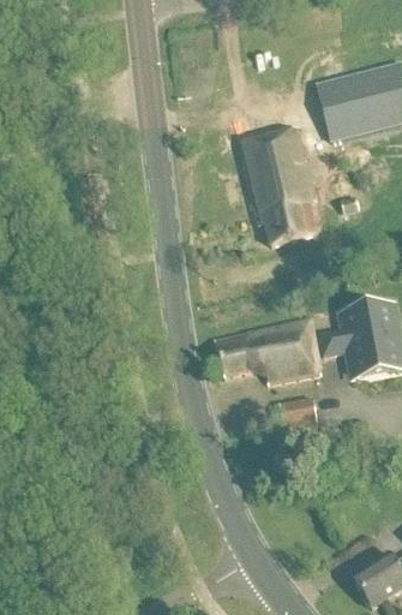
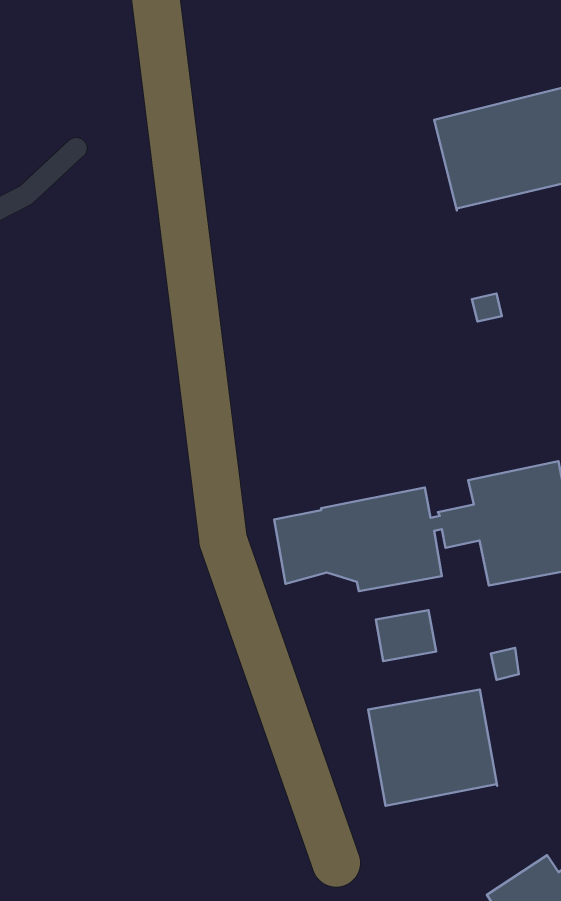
building: [240,126,319,244] -> none
building: none -> [368,689,497,806]

